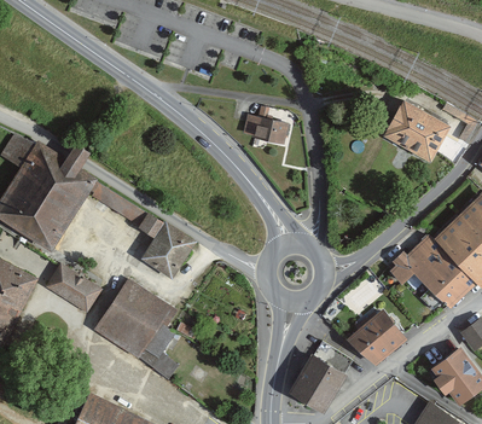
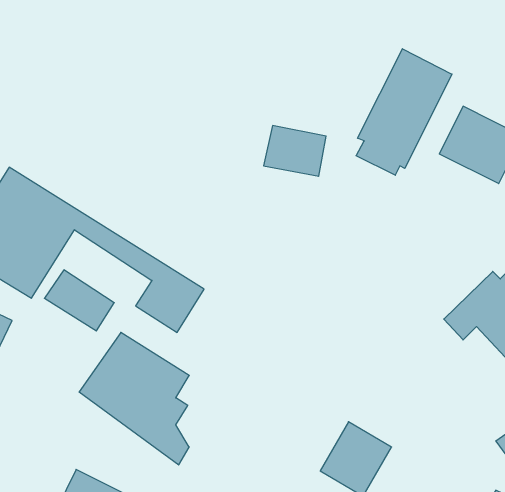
building: none -> [356,49,452,175]
building: [43,262,100,312] -> [44,270,114,331]
building: [348,308,405,365] -> none

